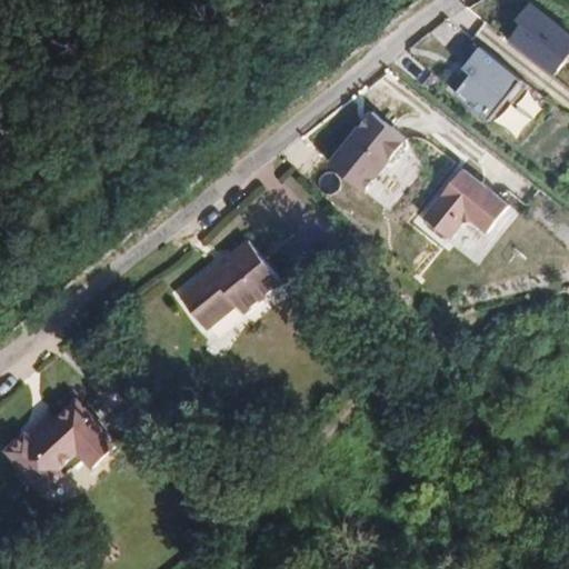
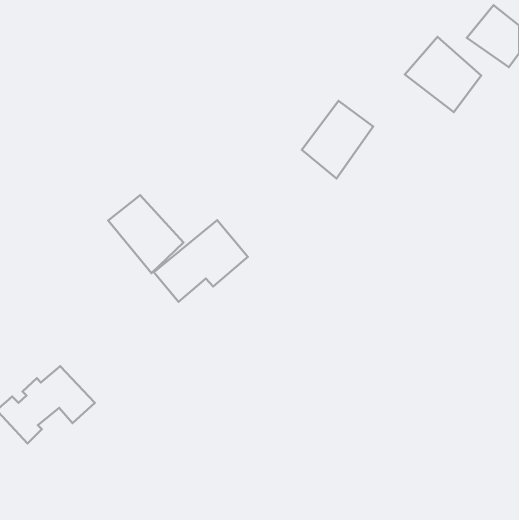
building: [426,168,511,237] -> none
building: none -> [108,195,184,273]

